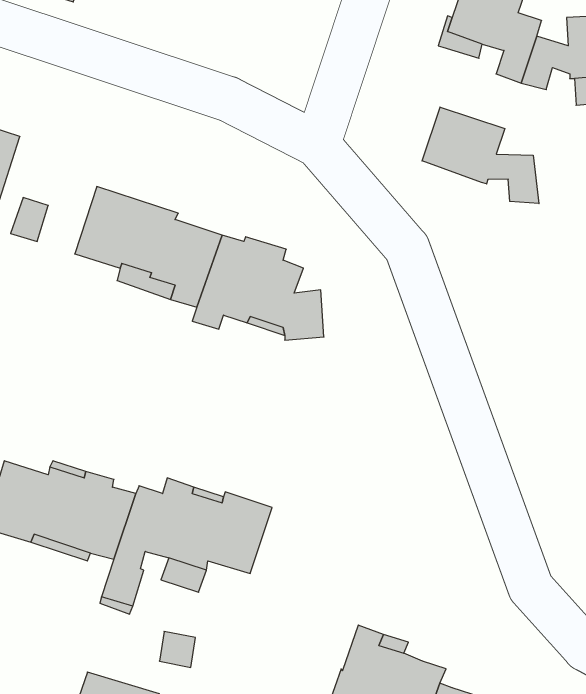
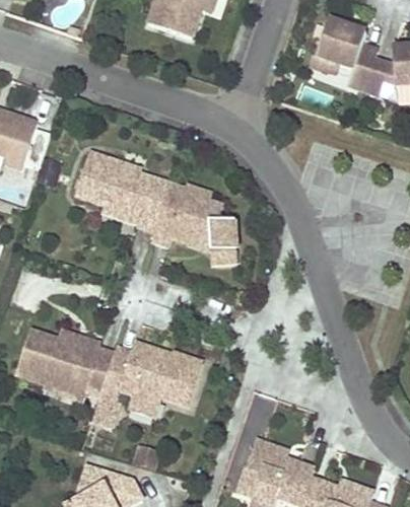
building: [422,107,539,204] -> none

